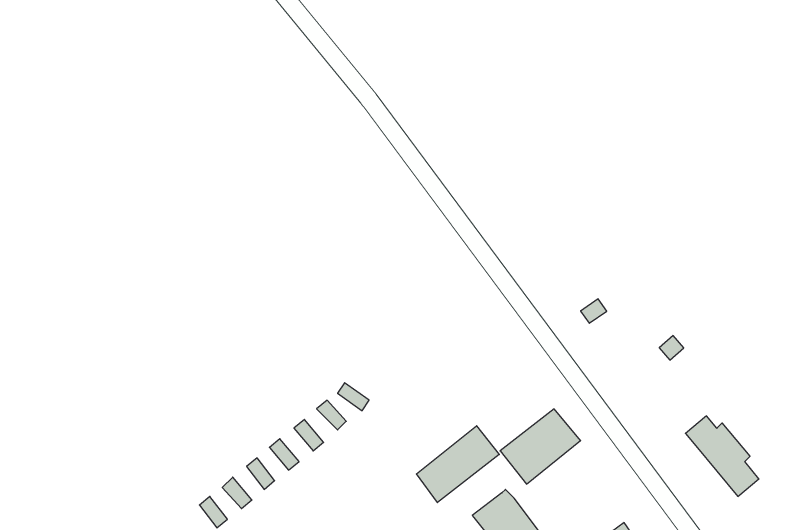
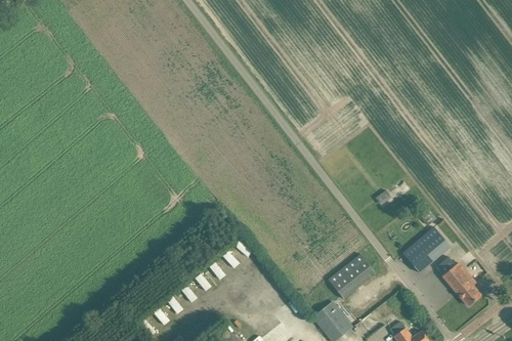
building: none -> [403,227,451,272]
building: [416,426,499,503] -> none

